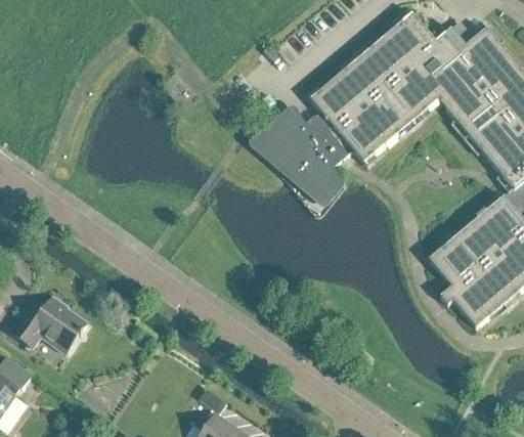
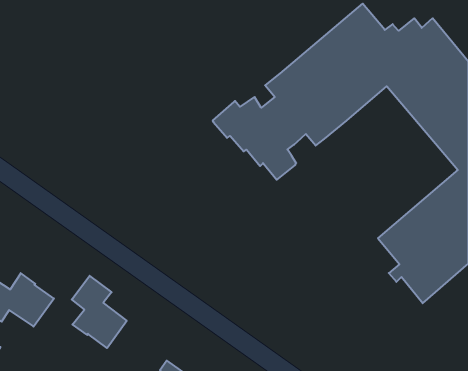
building: none -> [72,276,127,348]

